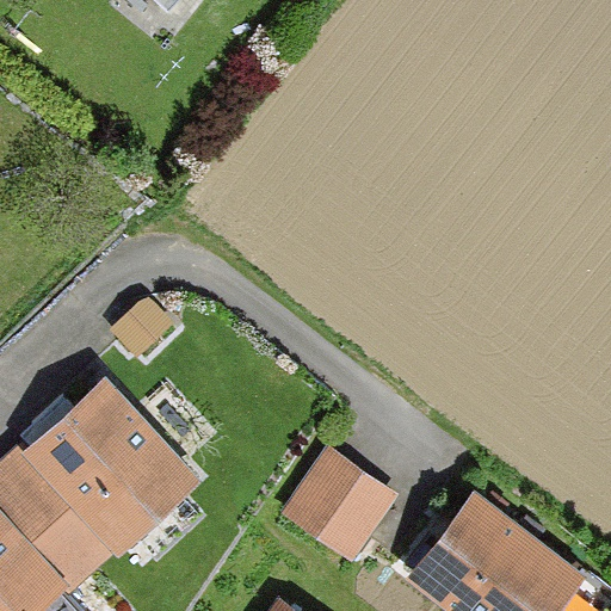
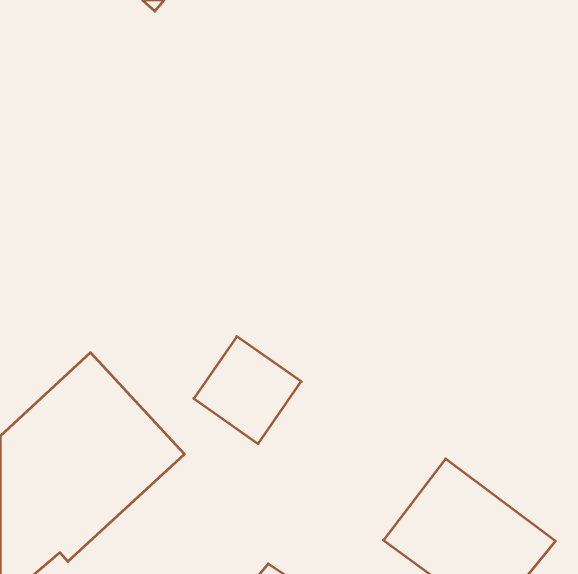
building: [288,450,401,563] -> [194,336,301,444]

